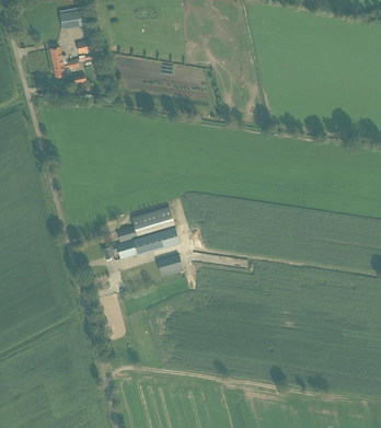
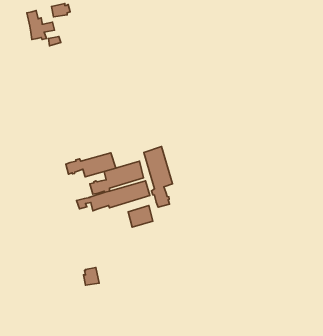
building: none -> [144,146,172,207]
building: none -> [66,153,116,177]

